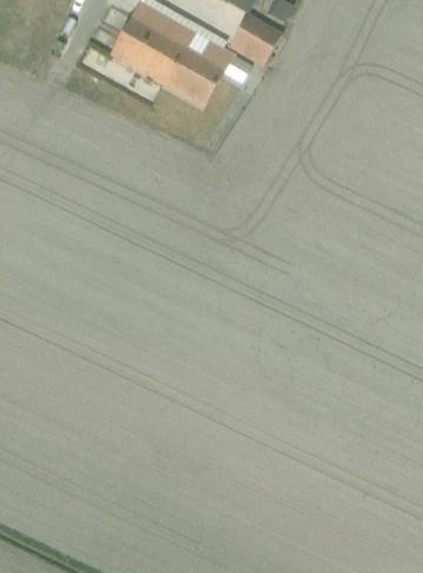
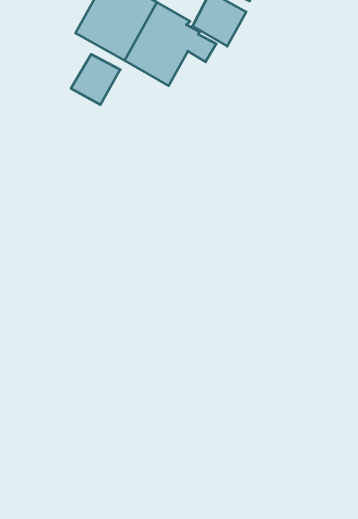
building: none -> [71,54,120,105]

